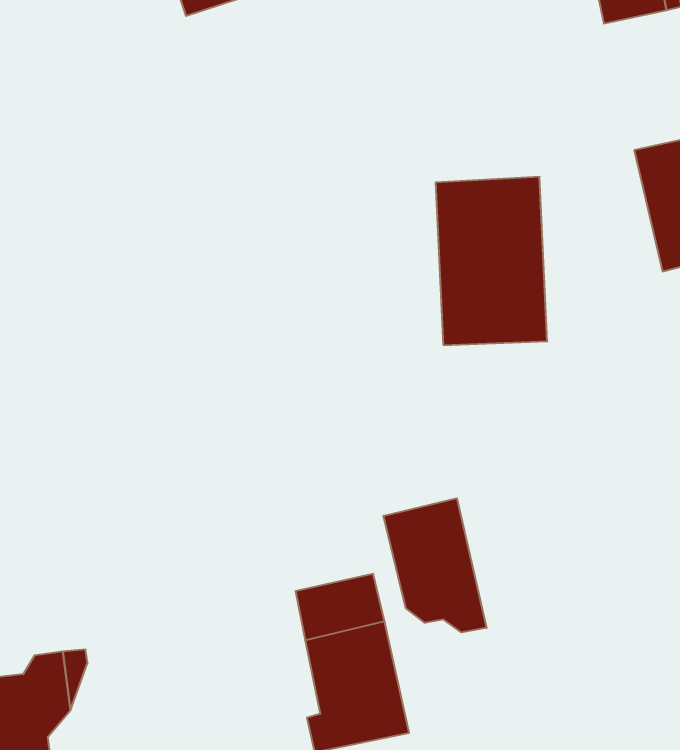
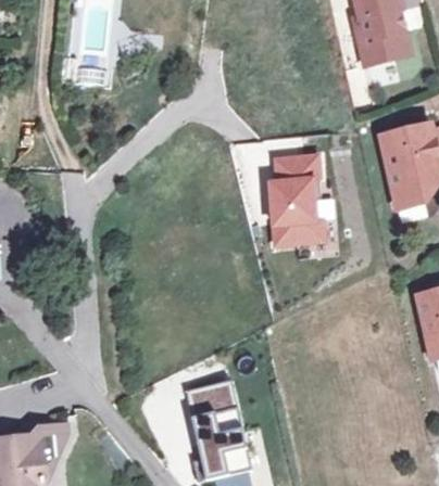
building: [384,498,487,632] -> none

